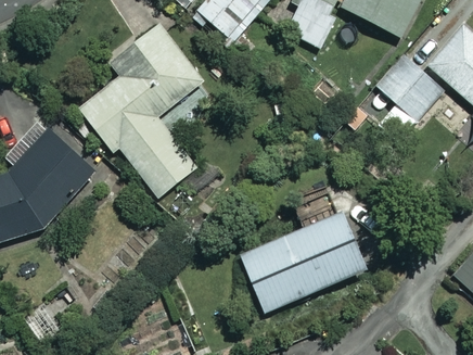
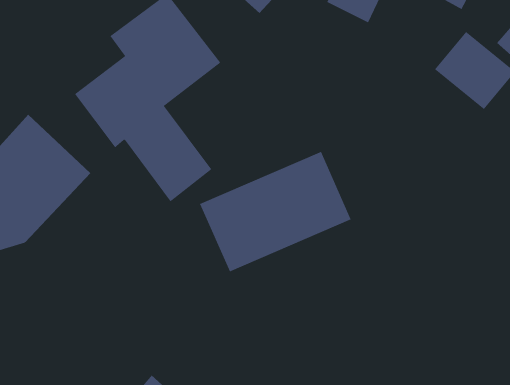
building: [240,212,366,312] -> [199,151,352,272]

